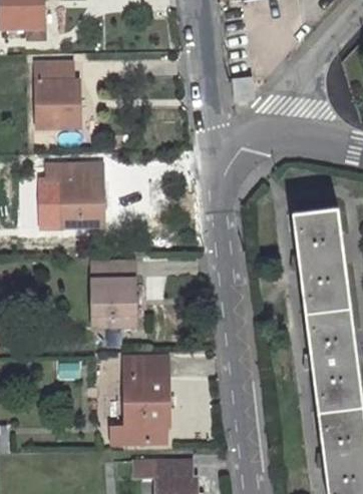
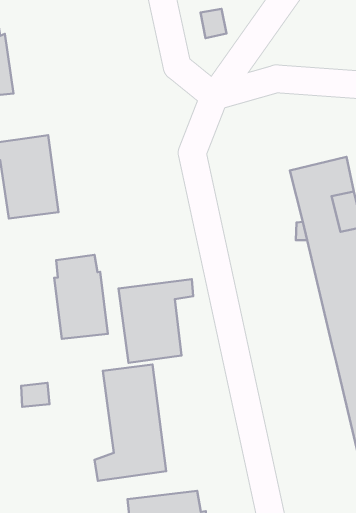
building: none -> [119,279,193,363]

